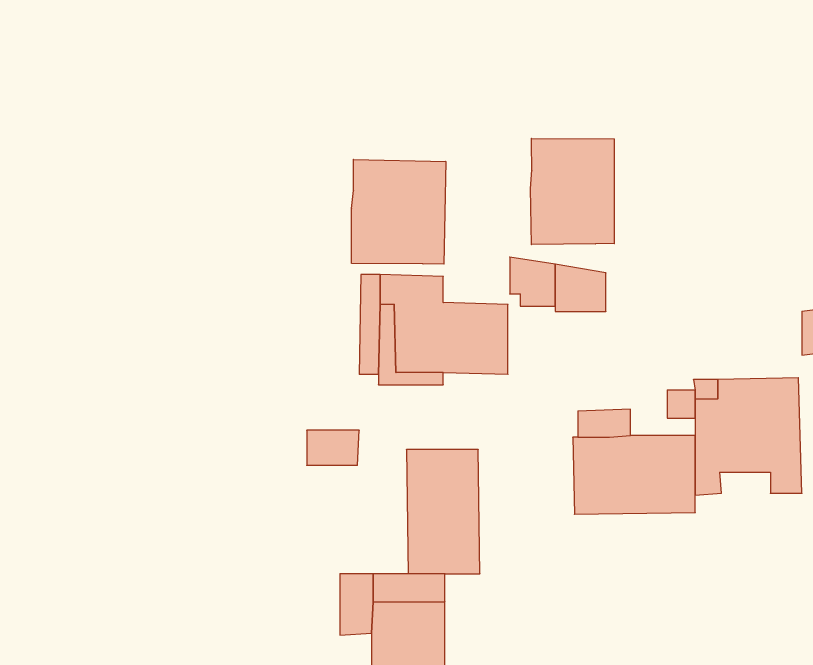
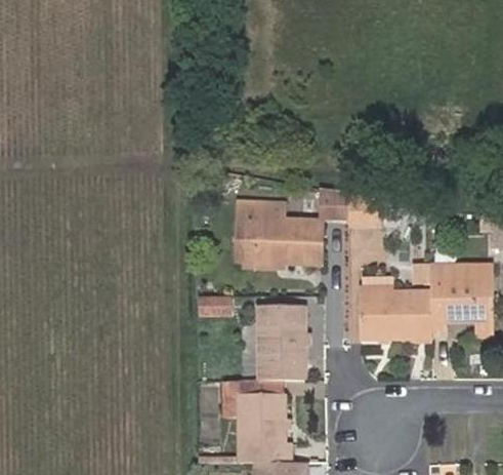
building: [530,138,614,245] -> none
building: [352,159,446,264] -> none

